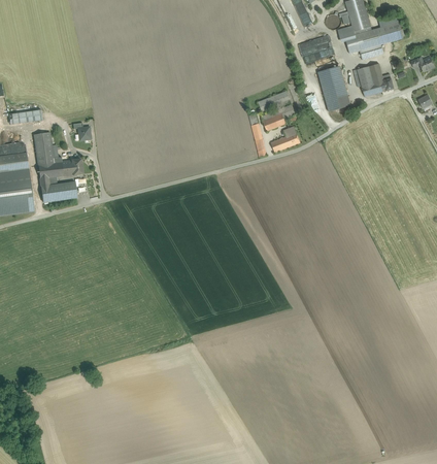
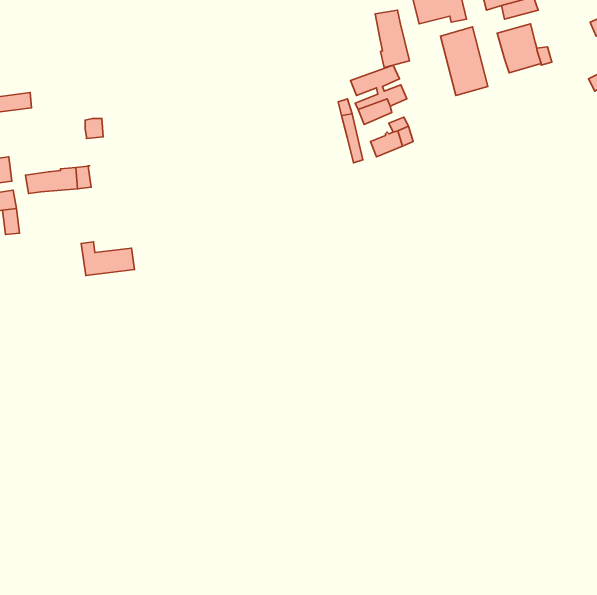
building: none -> [375,10,410,67]
building: [33,131,57,164] -> none
building: [39,175,75,198] -> [81,242,135,276]

